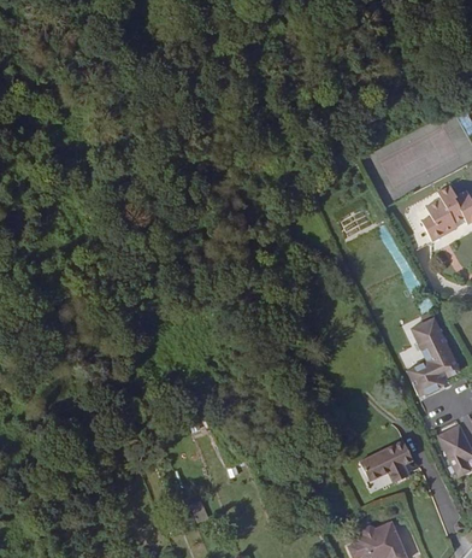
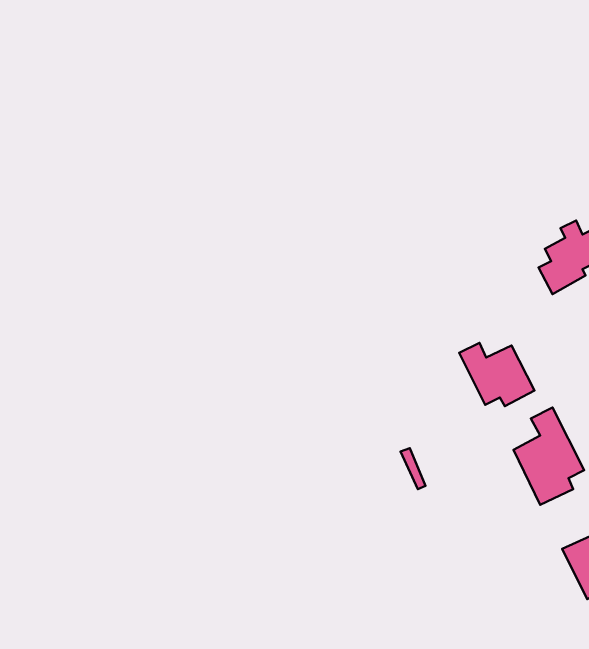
building: none -> [459,343,535,406]
building: [361,437,414,481] -> none

